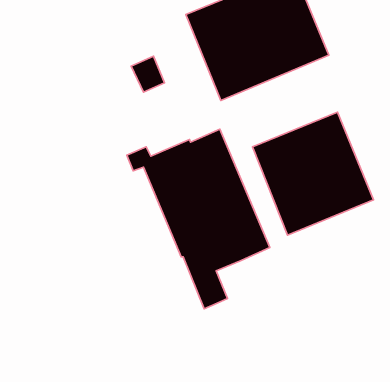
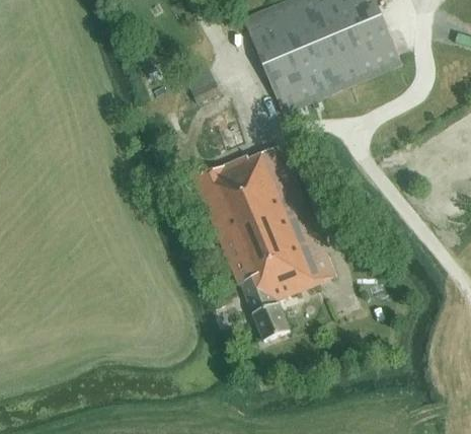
building: [252,112,373,235] -> none

